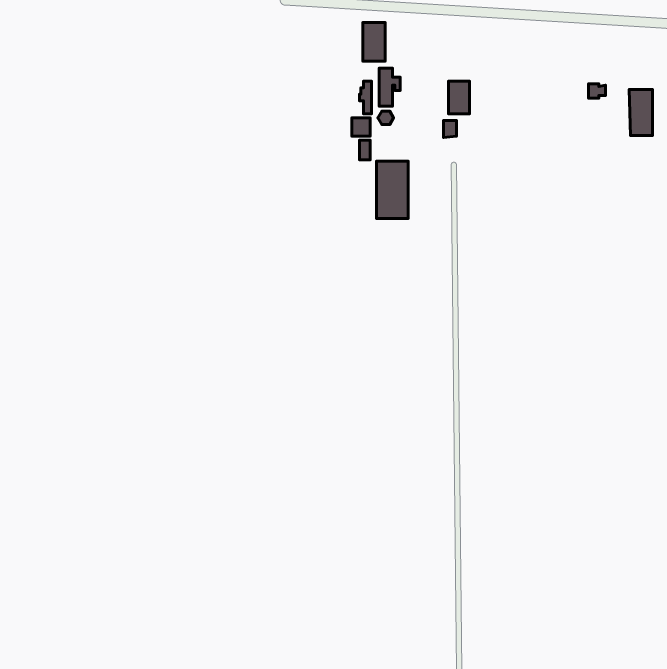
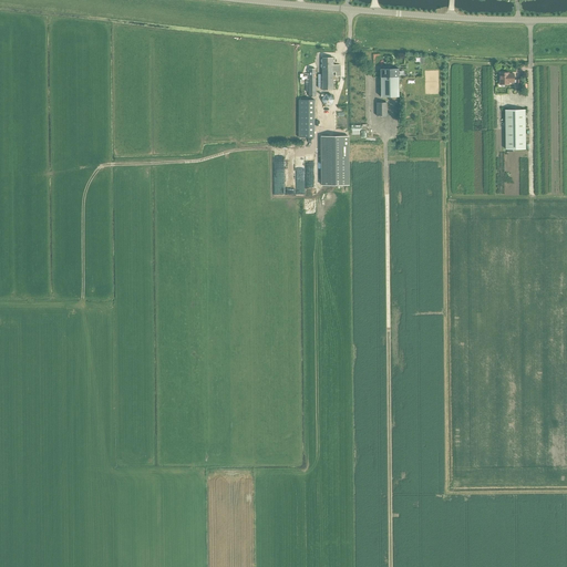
building: [363,22,385,61] -> none
building: [629,90,653,135] -> [504,109,524,147]

